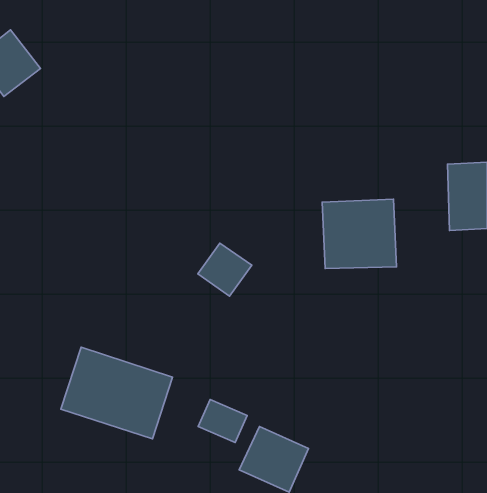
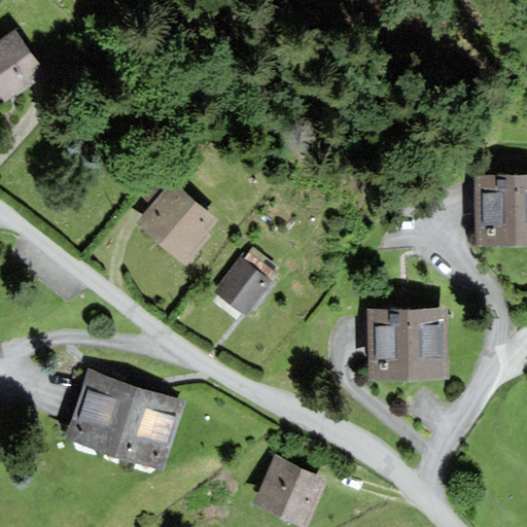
building: none -> [135,182,215,266]
building: [322,199,397,269] -> [371,305,450,379]
building: [198,399,247,442] -> none

